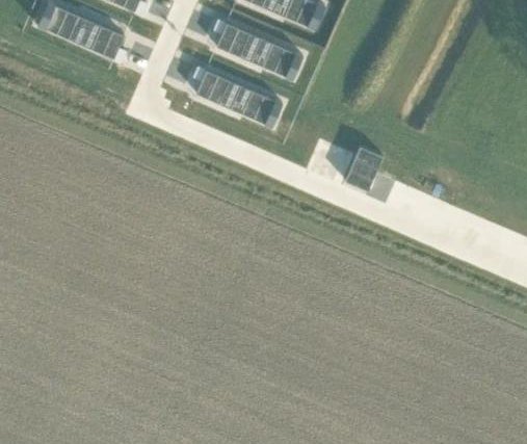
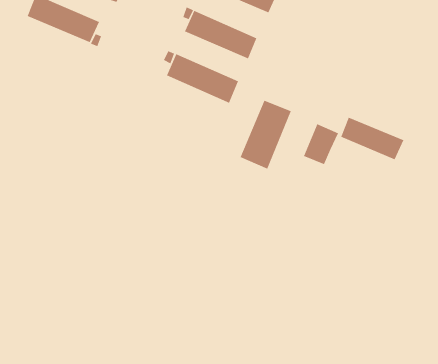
building: none -> [240,100,292,170]
building: none -> [341,117,404,160]

